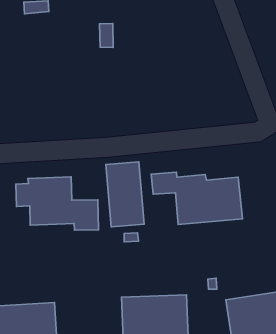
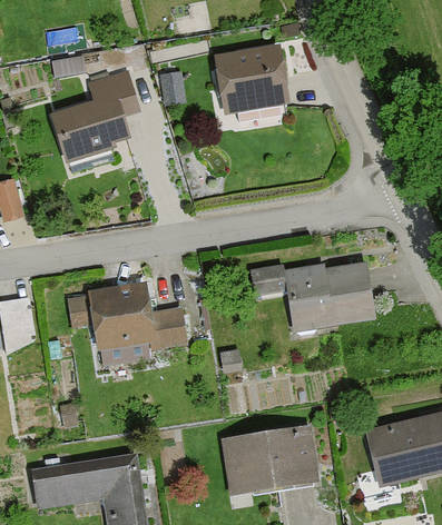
building: none -> [212,46,286,115]
building: none -> [53,69,140,159]
building: [106,162,144,227] -> none

